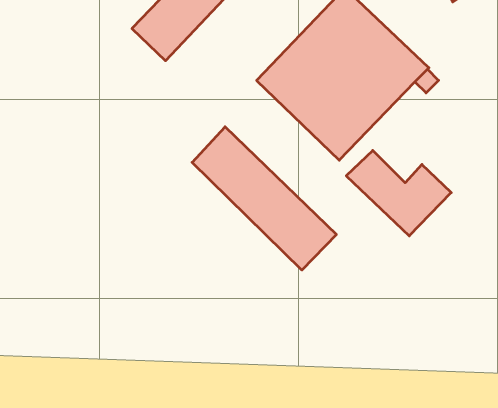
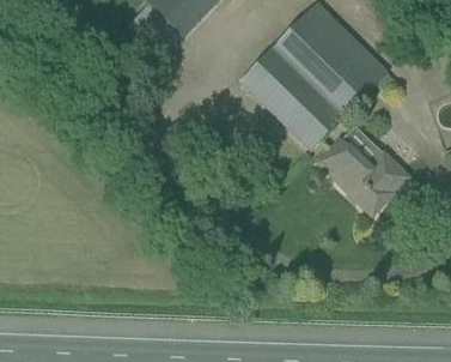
building: [192,127,336,270] -> none

